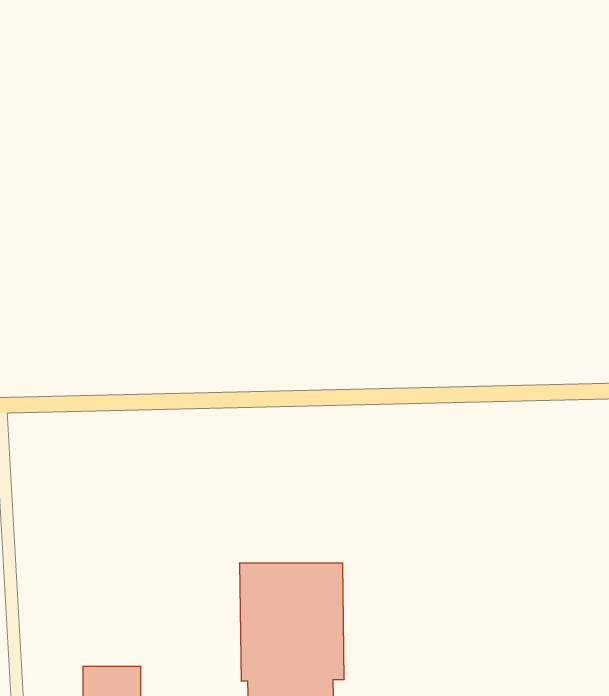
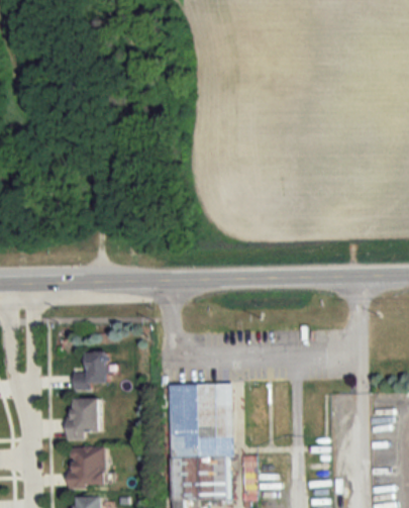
building: none -> [73,350,106,391]
building: none -> [68,398,99,437]

